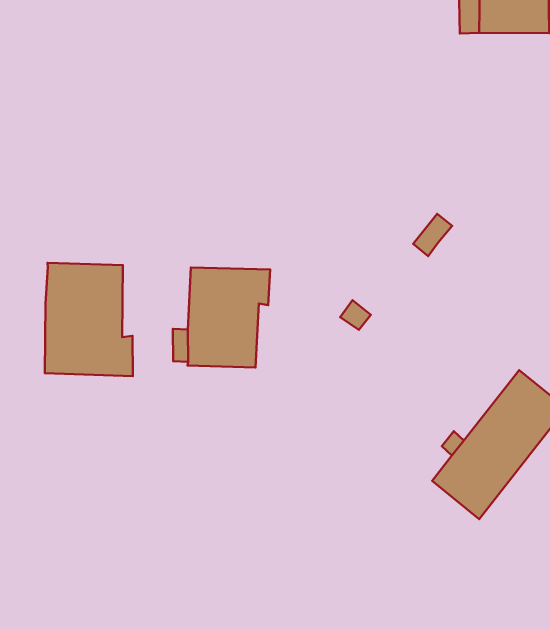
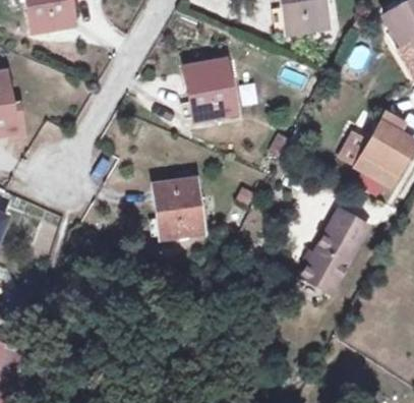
building: none -> [183,60,237,121]
building: [45,263,133,376] -> none

